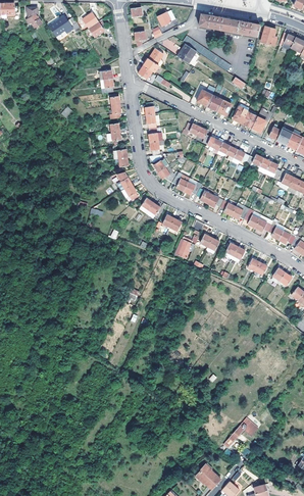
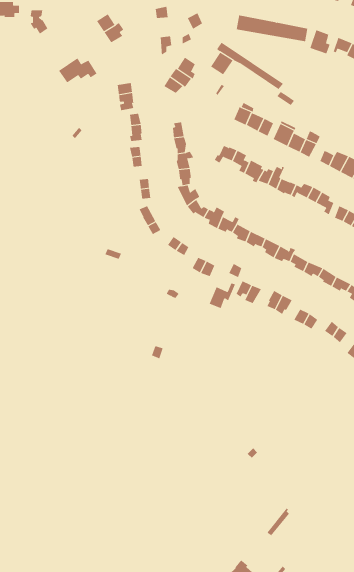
building: [49,16,82,38] -> [58,57,98,83]

